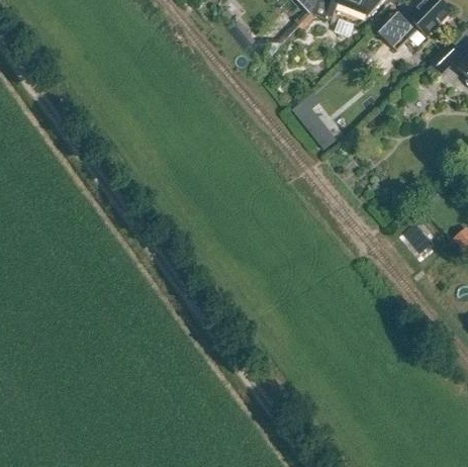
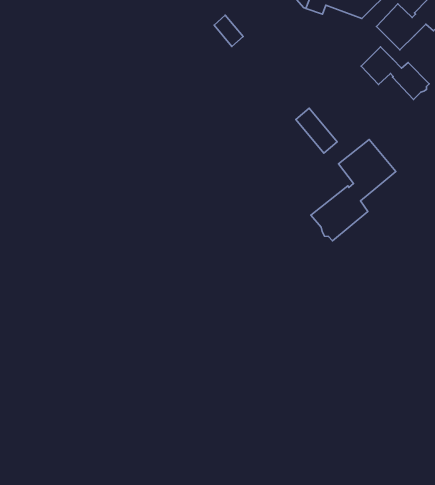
building: none -> [361,47,429,99]
building: none -> [311,140,396,241]

